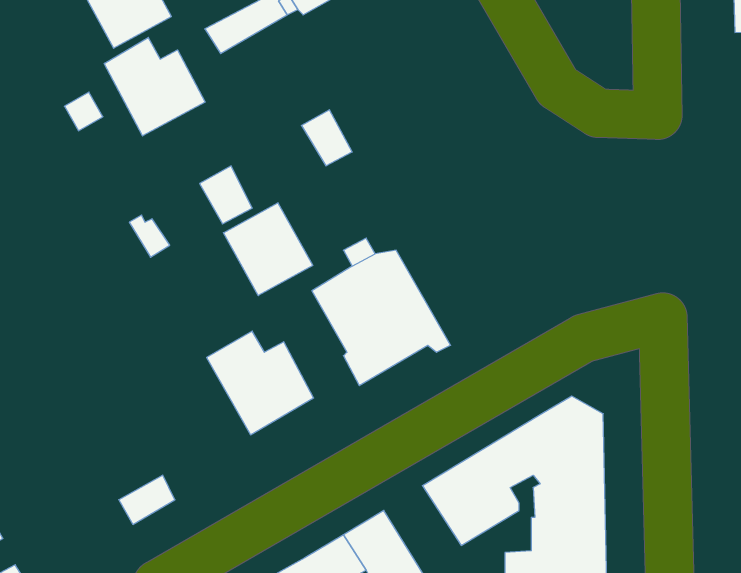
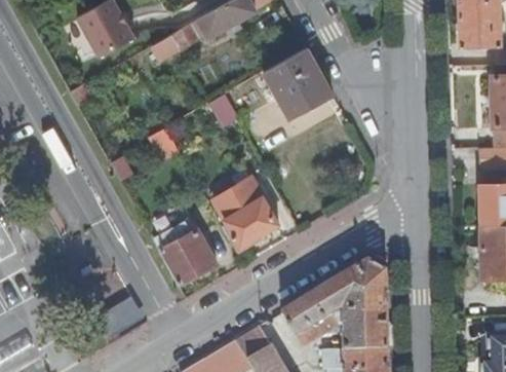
building: none -> [263,47,332,118]
building: [104,37,205,136] -> none
building: [223,203,313,296] -> none

